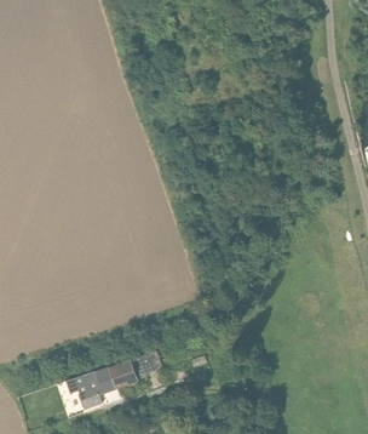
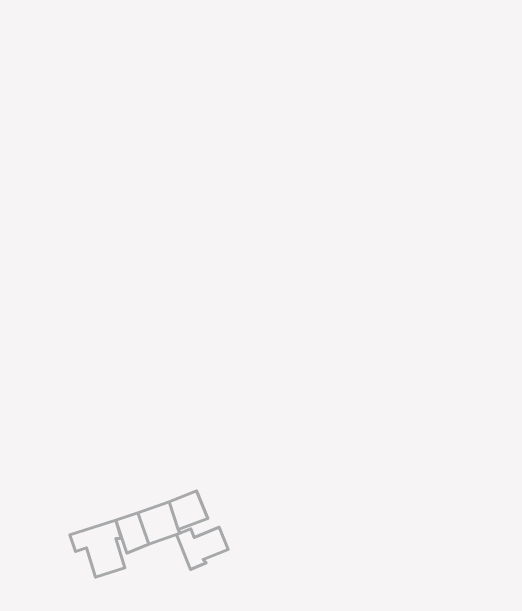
building: none -> [177,527,228,569]

